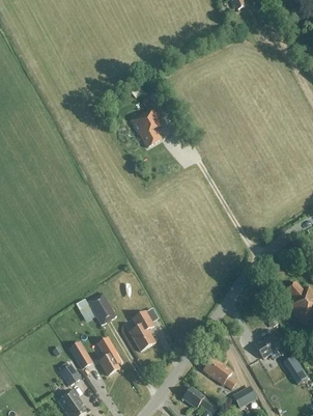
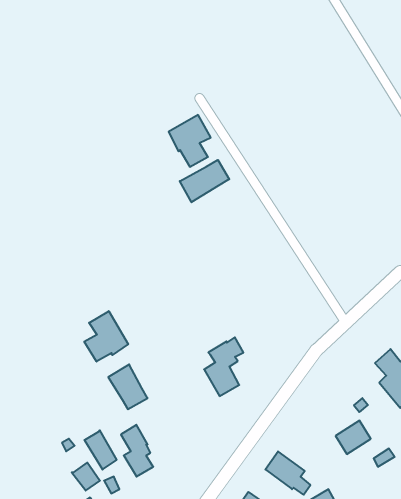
building: none -> [180,160,229,202]
building: none -> [84,311,128,362]
building: [129,308,158,352] -> [204,337,243,396]

